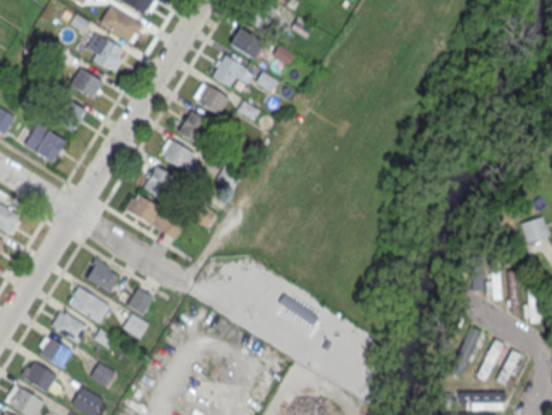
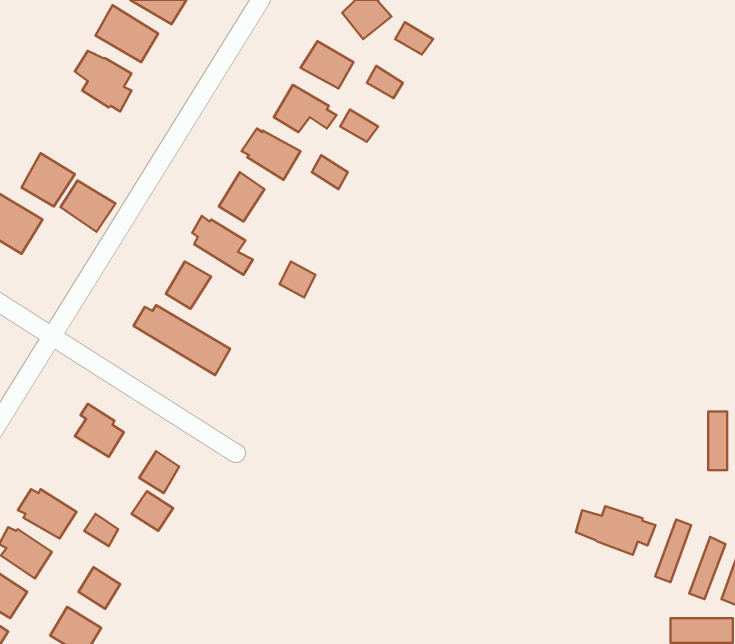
building: [70,69,105,101] -> [60,181,115,232]
building: [71,286,109,322] -> none
building: none -> [576,506,656,555]

